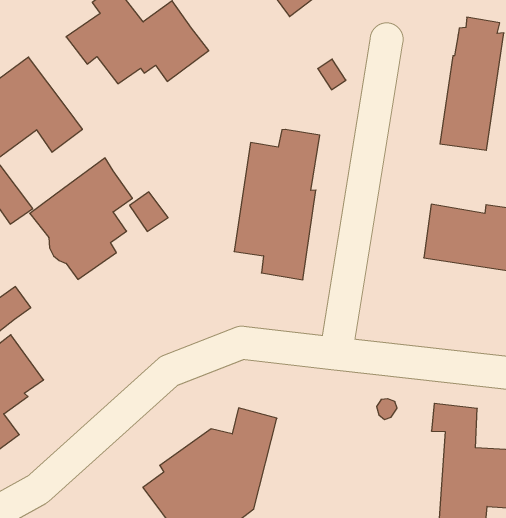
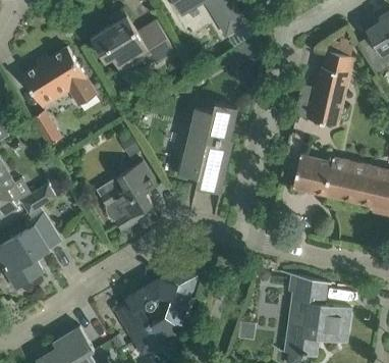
building: [30,158,132,279] -> [96,160,158,231]

